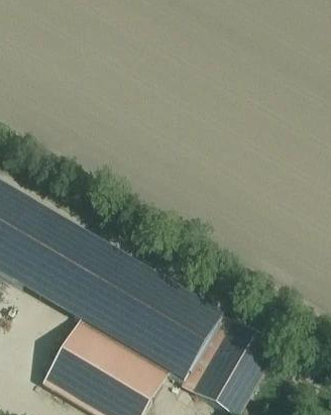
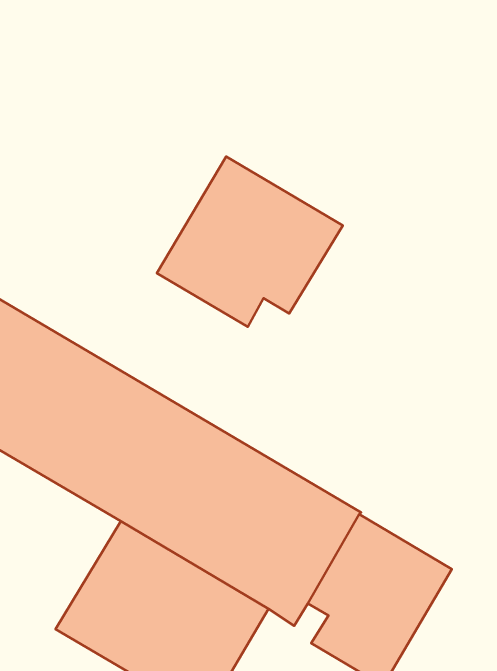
building: none -> [157,156,343,327]

